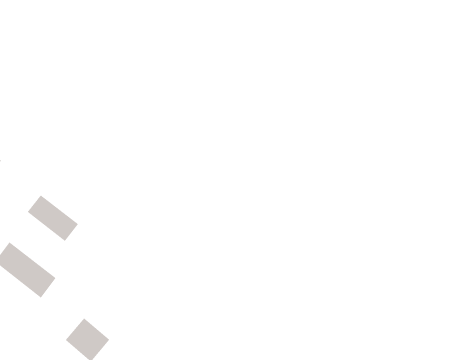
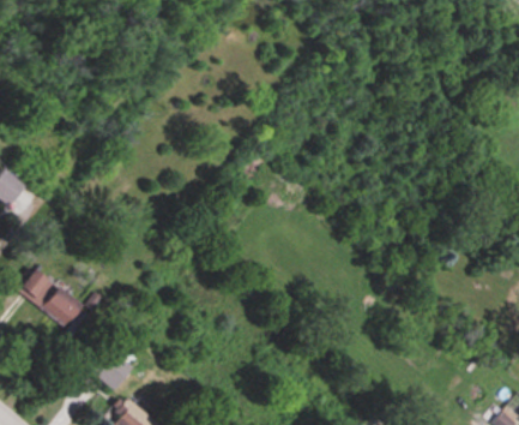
building: [27,194,79,242] -> none

